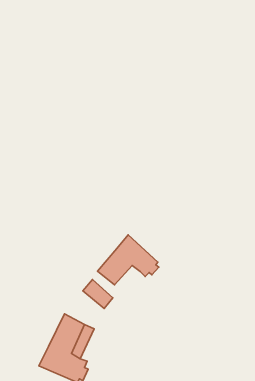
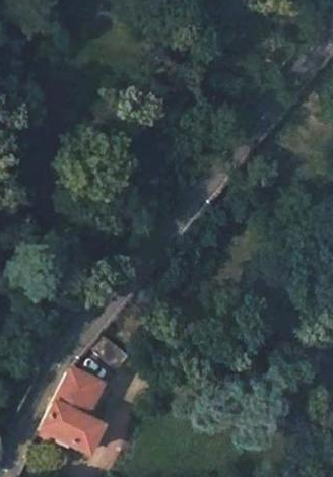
building: [98,235,159,285] -> none

